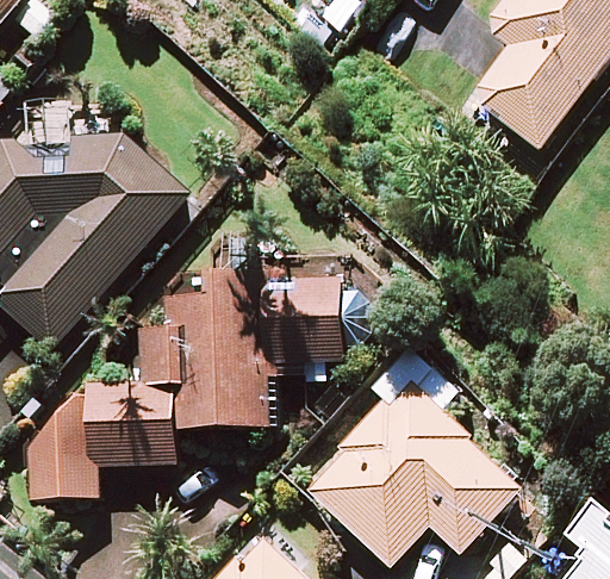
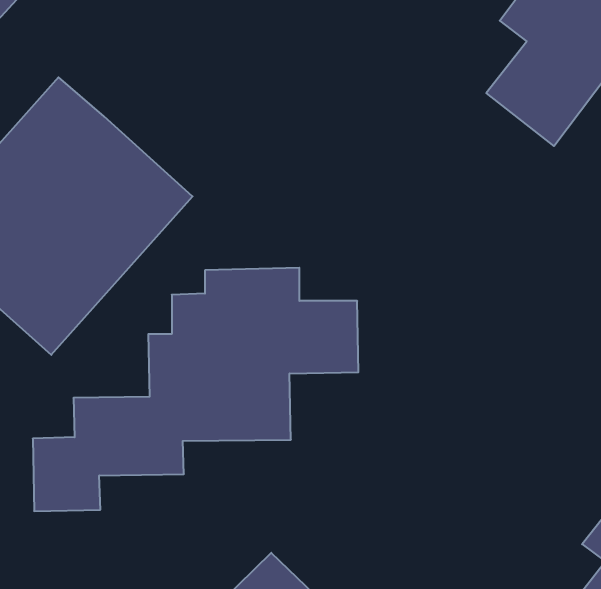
building: [300,348,519,567] -> none

